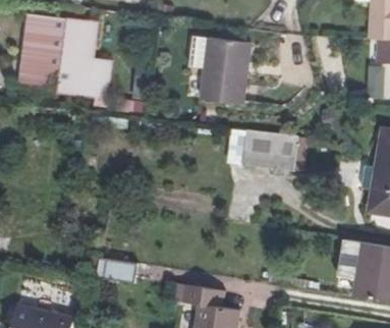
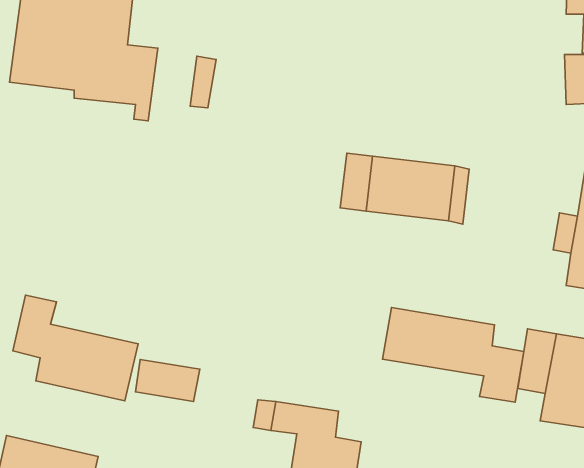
building: [188,36,250,105] -> none
building: none -> [13,295,138,401]
building: none -> [383,308,524,402]

